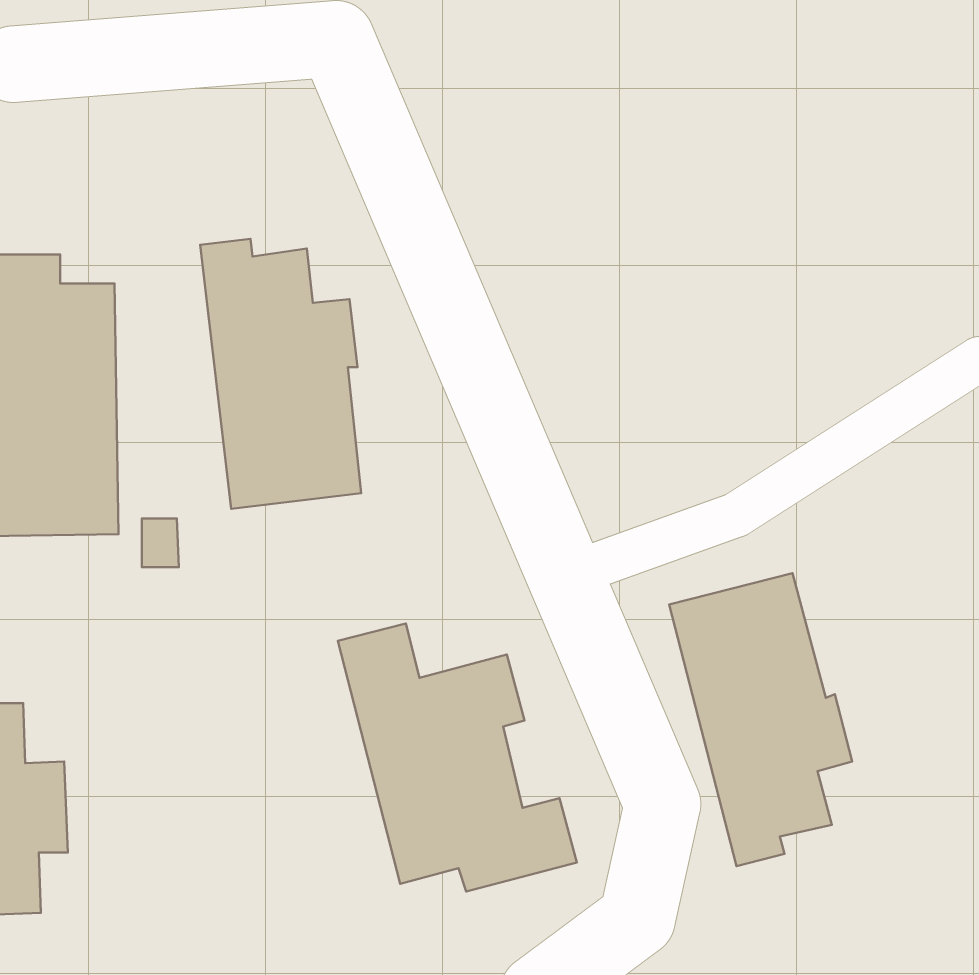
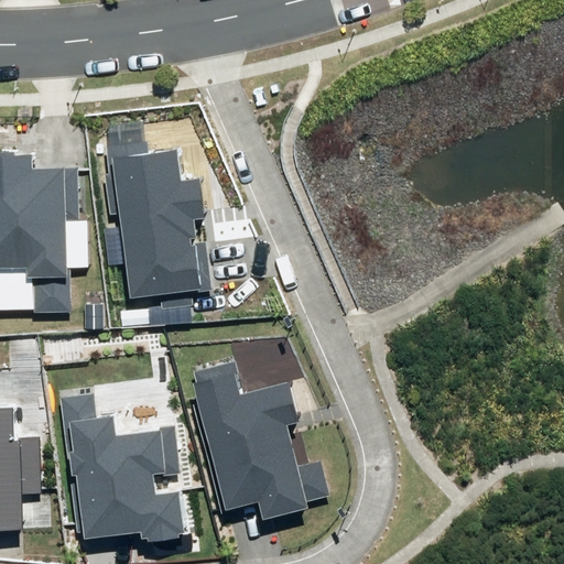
building: [669,573,852,866] -> none
building: none -> [58,395,185,540]

